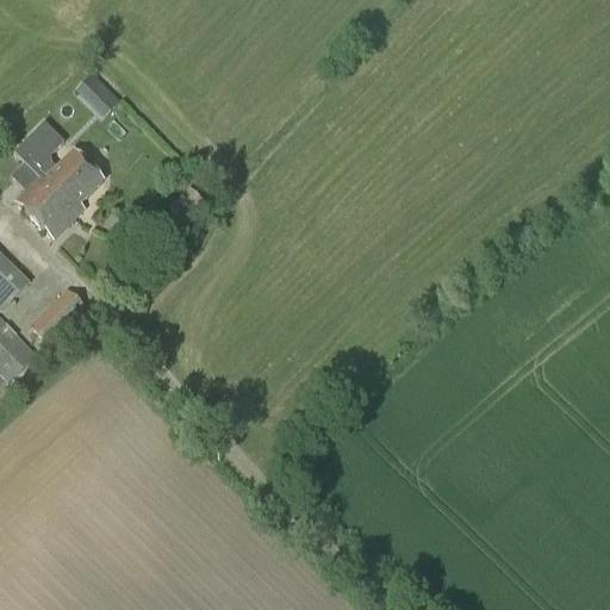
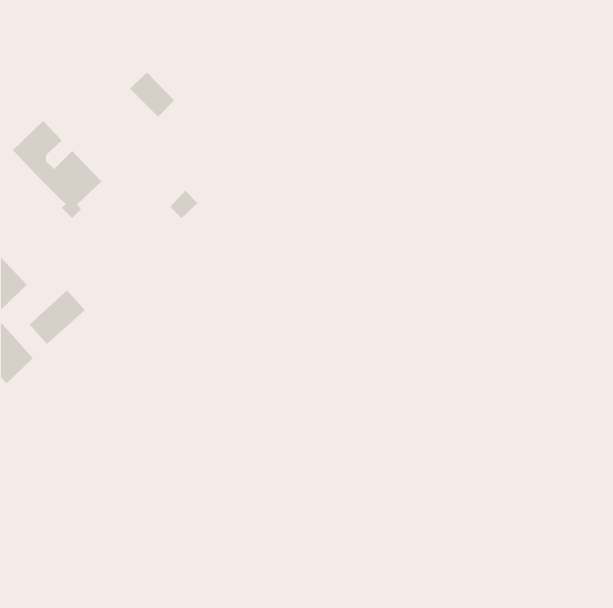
building: [75,71,120,117] -> [129,72,175,117]
building: [13,174,73,237] -> none

